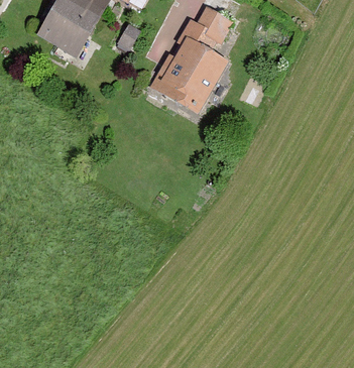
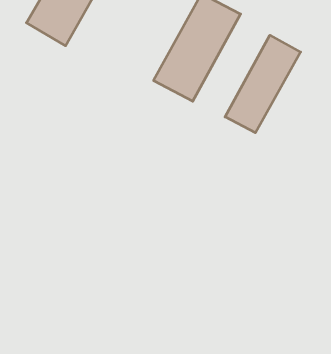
building: none -> [225,35,301,133]

